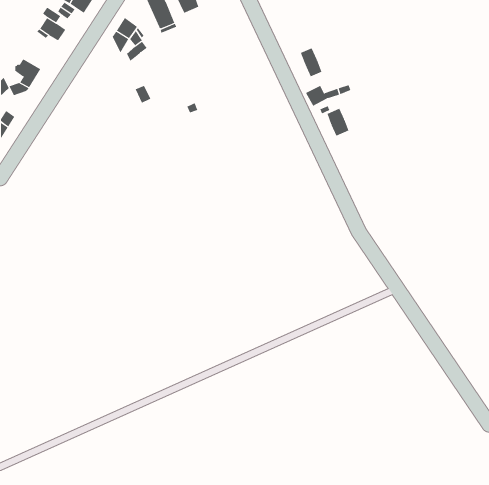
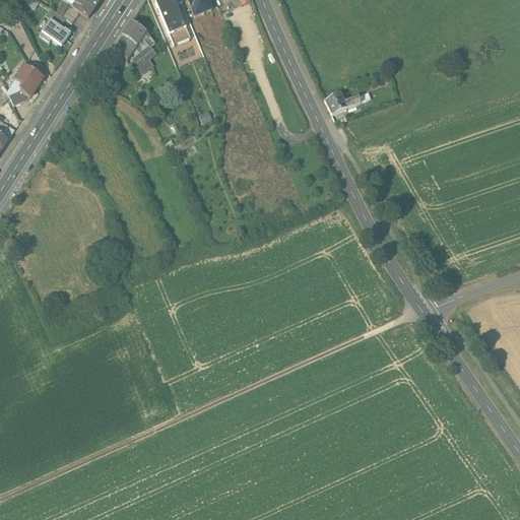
building: [300,47,322,77] -> none
building: [327,108,349,136] -> none

